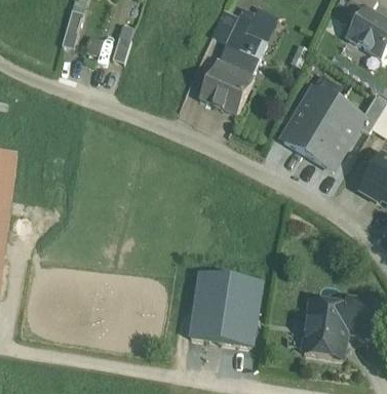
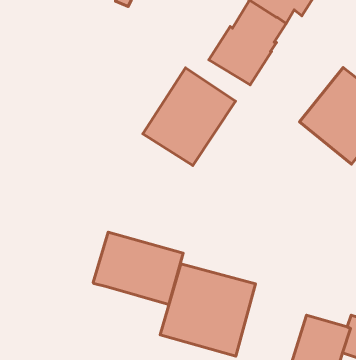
building: none -> [143,68,236,165]
building: none -> [93,232,183,304]

